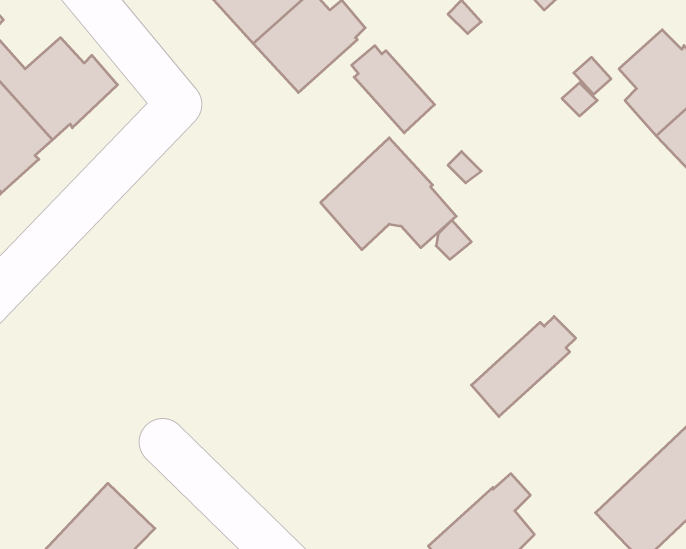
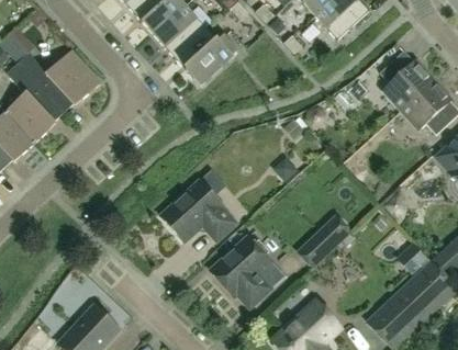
building: [352,46,435,133] -> none
building: [321,138,456,250] -> [160,179,236,241]
building: none -> [210,235,271,306]

